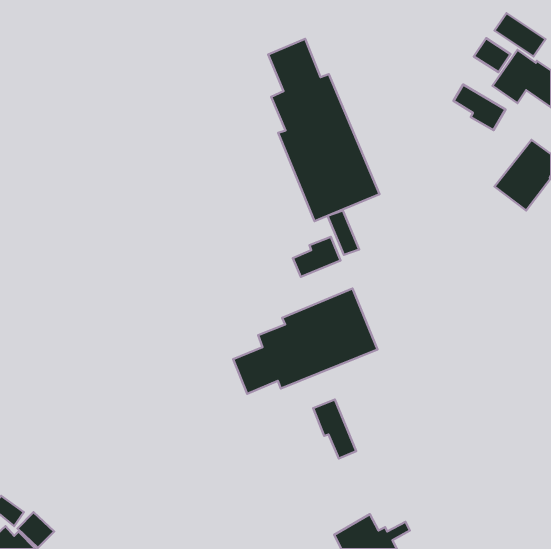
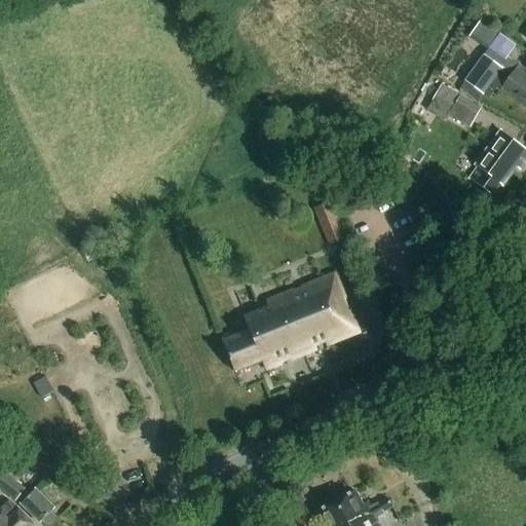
building: [474,38,511,72] -> none
building: [268,39,380,221] -> none
building: [293,237,341,277] -> none
building: [313,399,356,458] -> none

